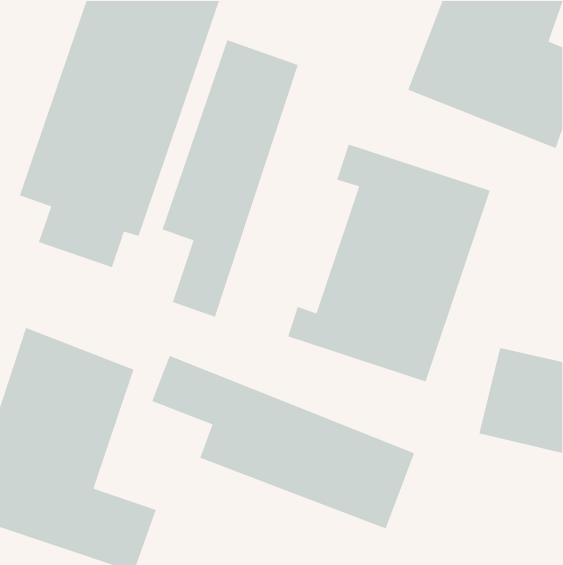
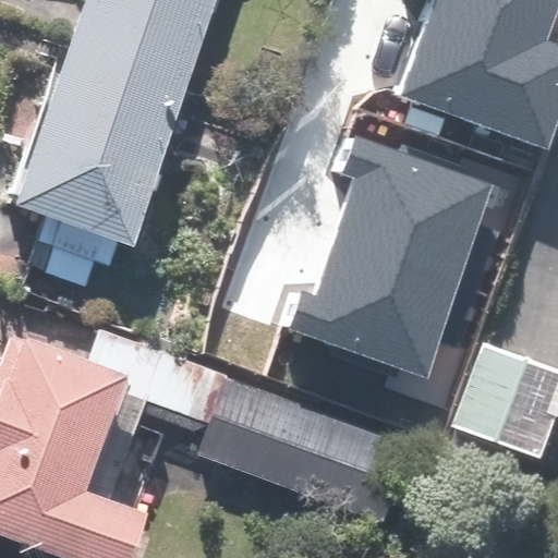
building: [161,39,299,318] -> none

